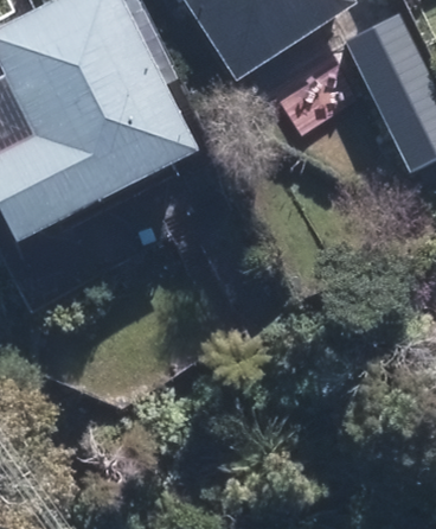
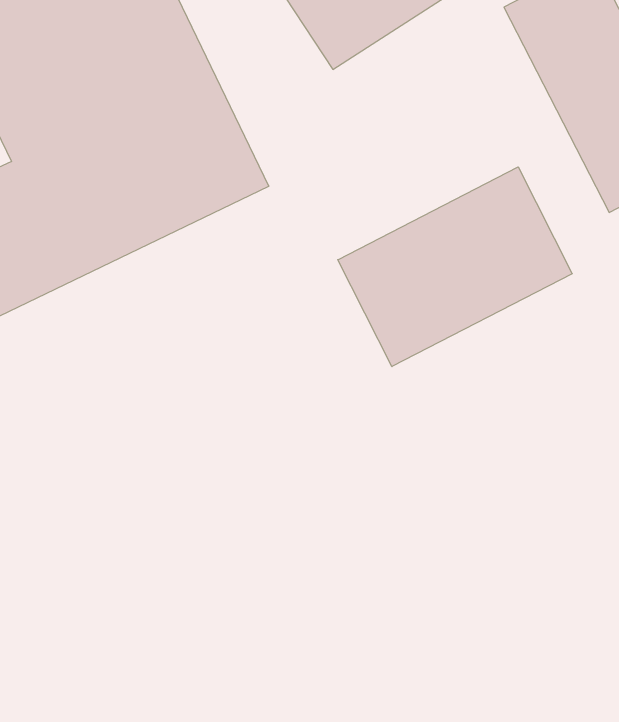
building: none -> [338,167,572,367]

